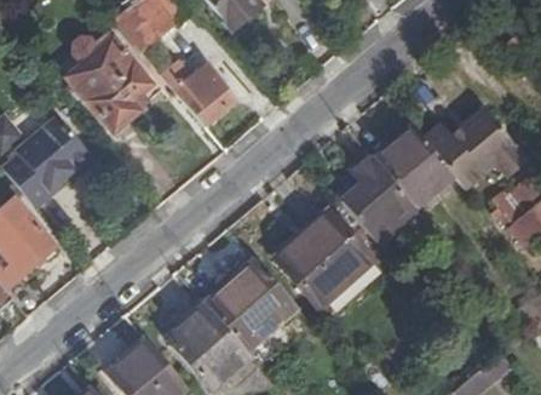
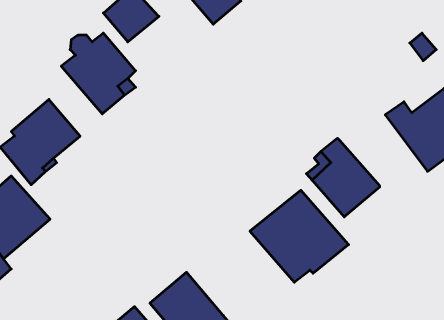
building: [160,61,232,127] -> none
building: [372,127,453,210] -> none
building: [202,259,297,351] -> none

